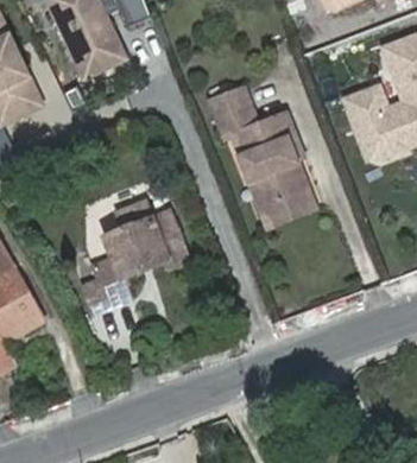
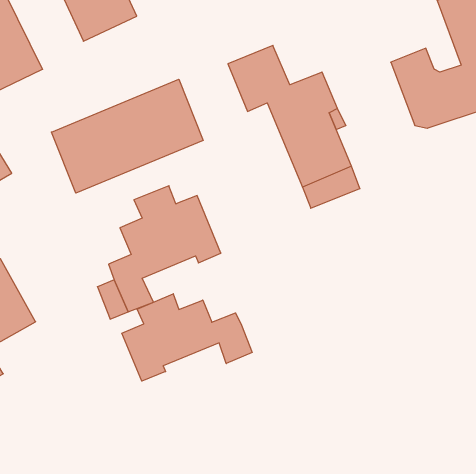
building: none -> [51,79,203,193]
building: none -> [122,294,252,381]

